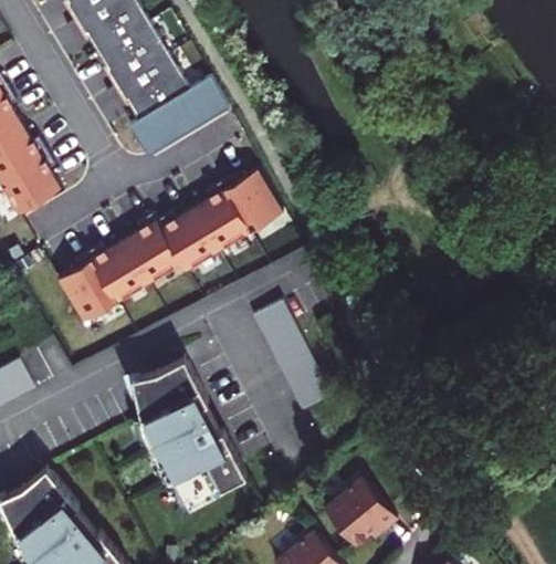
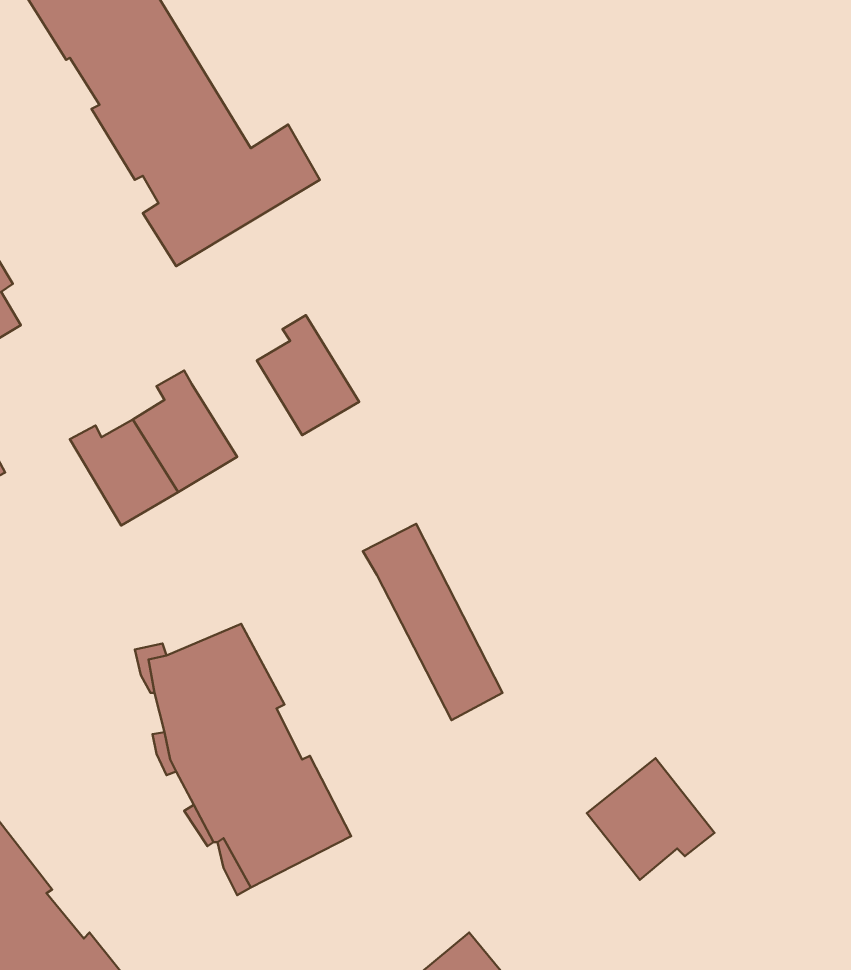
building: [221,170,284,233] -> none
building: [157,210,219,272] -> none
building: [60,254,117,323] -> none
building: [324,479,396,547] -> [587,758,714,880]

